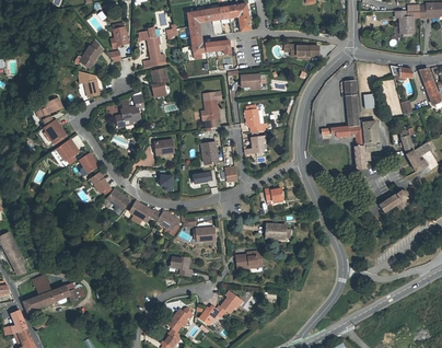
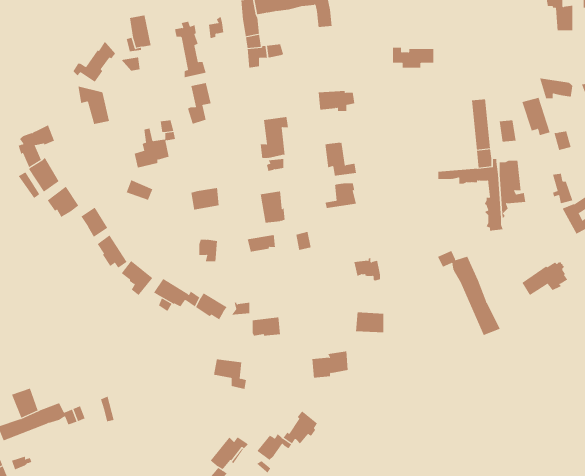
building: none -> [437,250,500,336]

